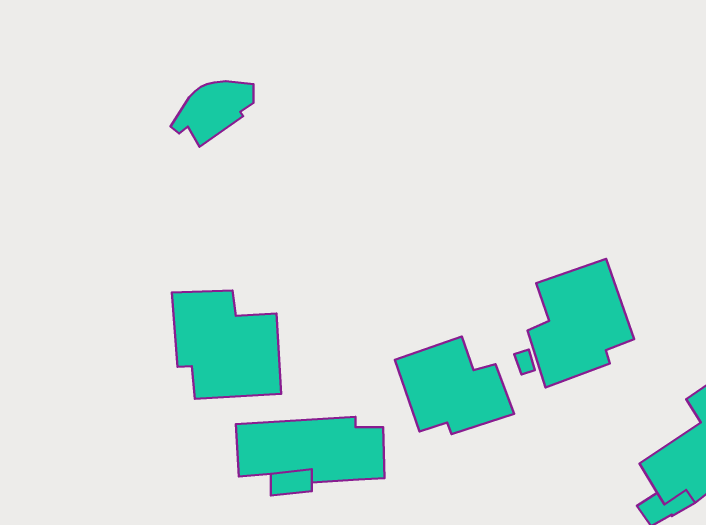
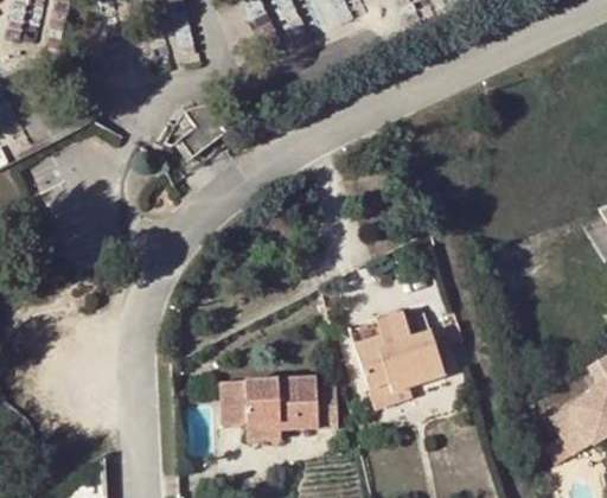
building: [527,259,634,387] -> none
building: [172,291,281,399] -> none

